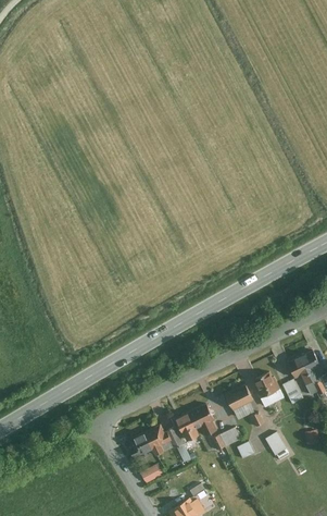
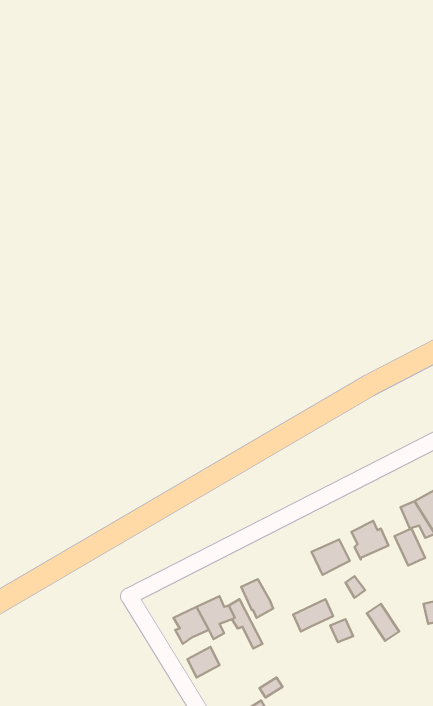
building: [188,405,217,437] -> none

